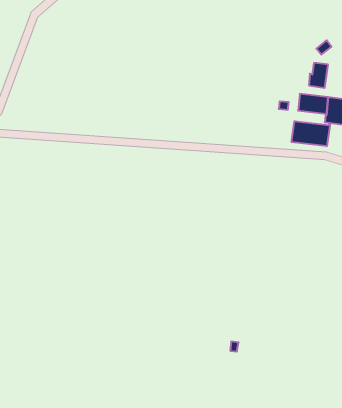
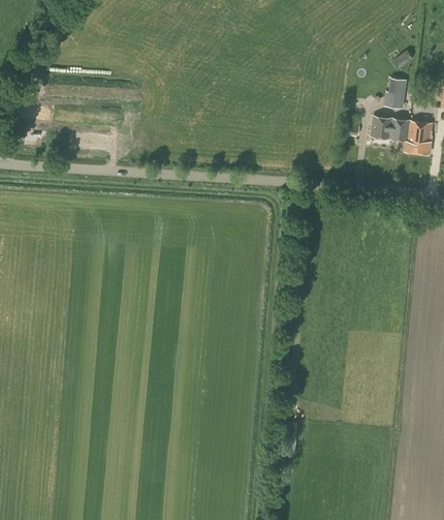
building: [292,121,330,146] -> none

